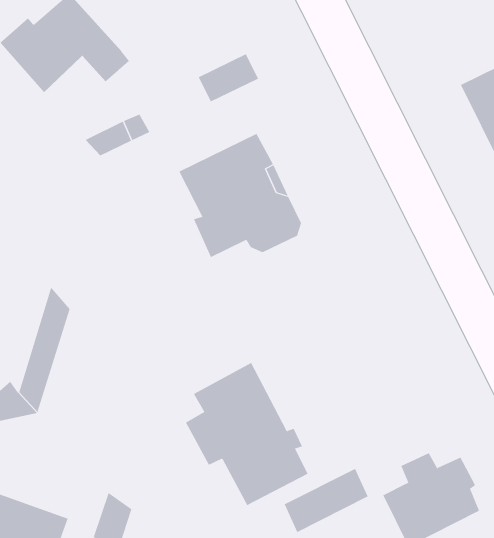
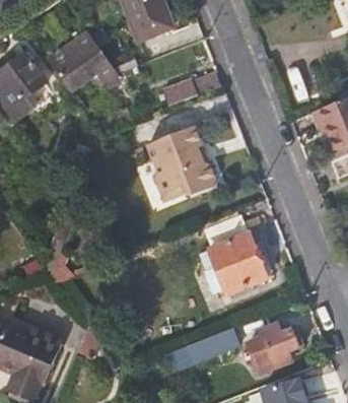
building: [185,362,309,506] -> [196,209,265,292]

